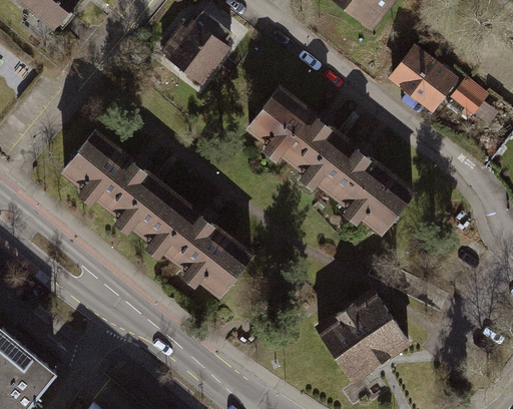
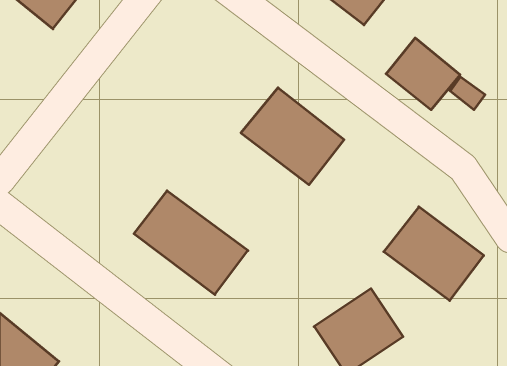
building: [162,13,236,83] -> none
building: [57,130,171,238] -> none
building: [314,143,414,238] -> [384,207,484,301]

